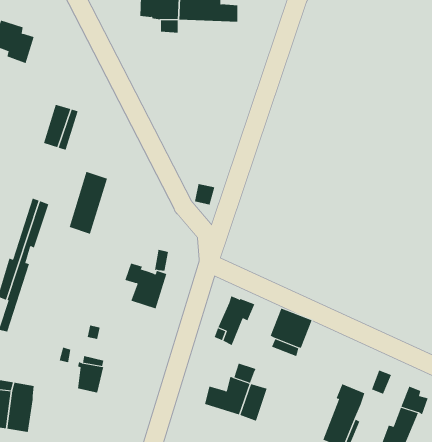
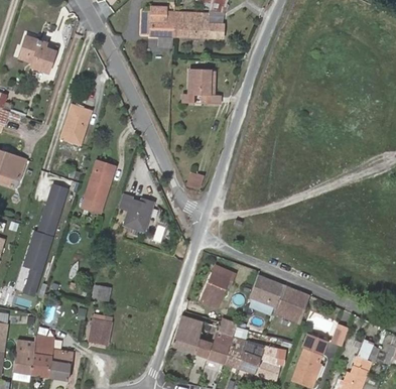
building: none -> [182,71,221,103]
building: [125,263,167,309] -> [119,192,154,231]
building: none -> [273,284,309,323]
building: none -> [171,314,218,354]
building: none -> [238,341,275,378]
building: none -> [49,350,73,380]

